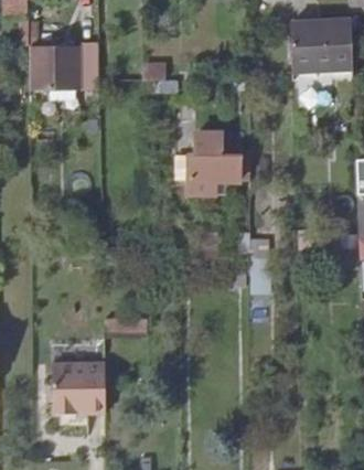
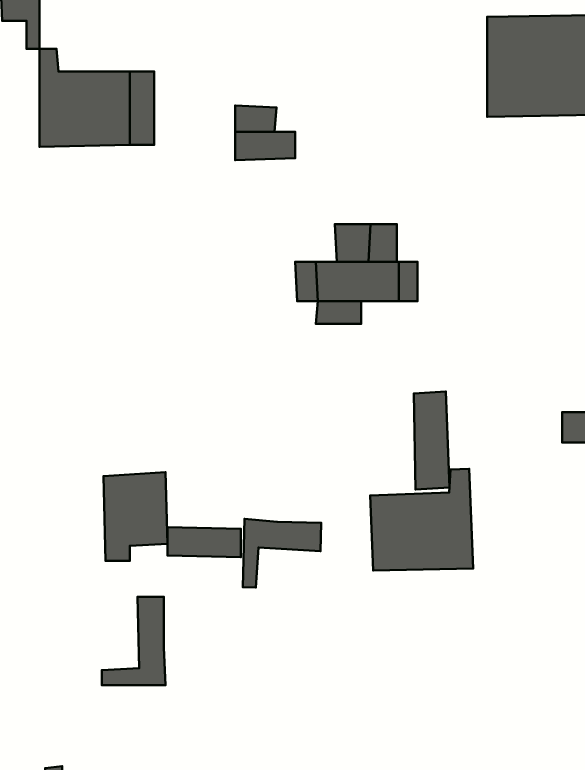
building: none -> [370,469,473,570]
building: none -> [243,519,321,588]
building: [50,354,87,406] -> [104,472,167,561]

